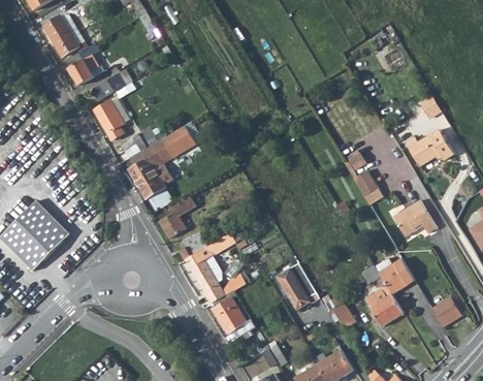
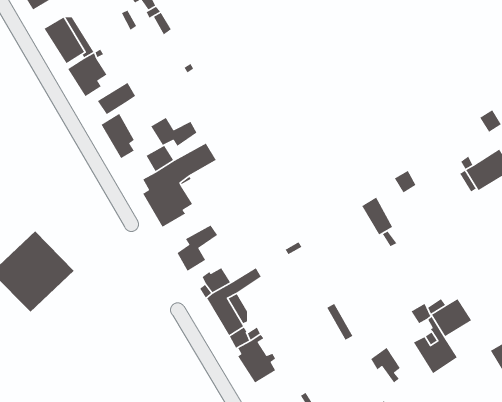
building: none -> [150,117,197,147]
building: [355,169,383,203] -> [361,196,393,236]
building: [394,199,437,237] -> none
building: [275,268,309,311] -> none

